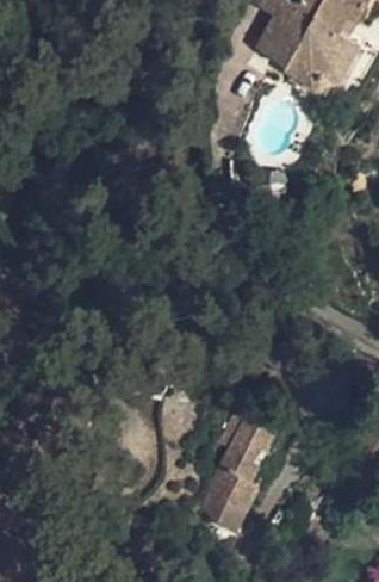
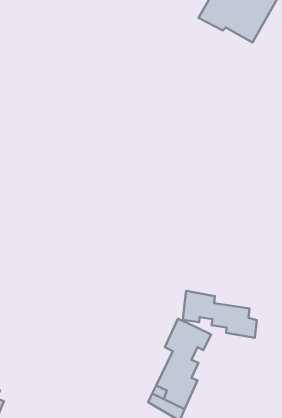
building: none -> [183,291,257,338]

